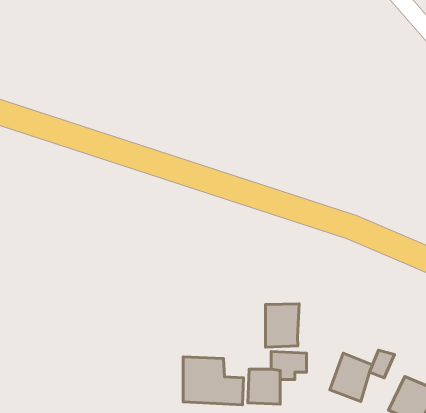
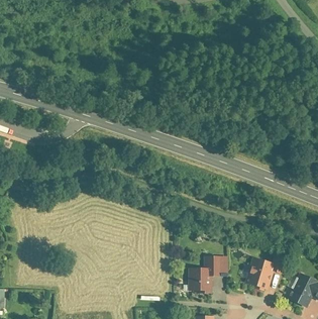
building: [266,304,299,347] -> none
building: [183,357,244,405] -> none

